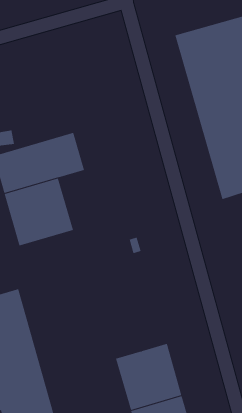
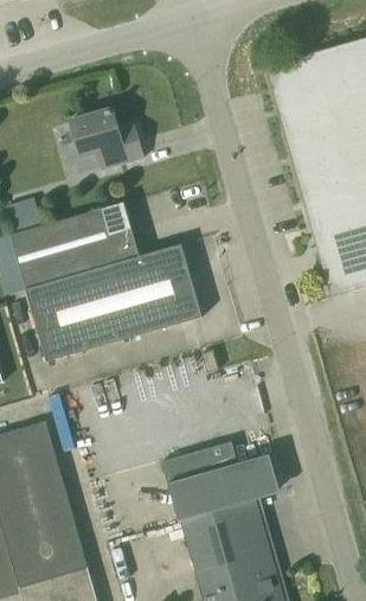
building: none -> [70,109,142,170]
building: none -> [102,244,201,340]
building: none -> [161,442,277,519]

